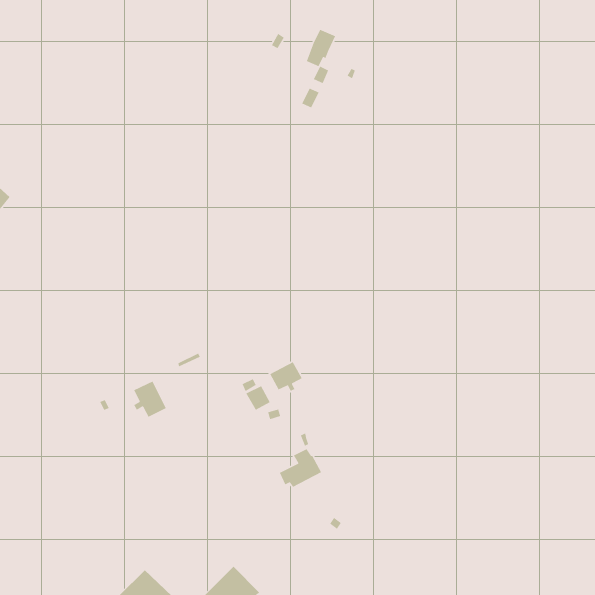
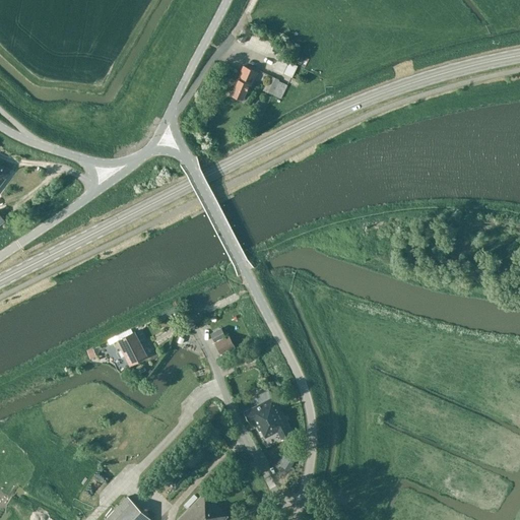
building: [306,29,336,67] -> [230,67,256,101]
building: [269,361,303,392] -> none
building: none -> [255,412,291,441]

